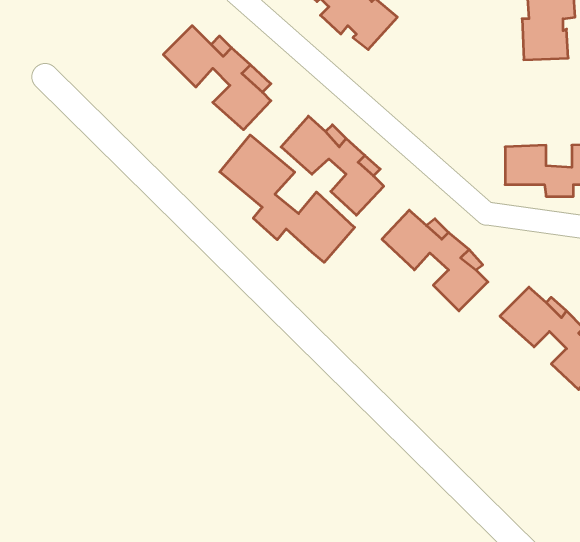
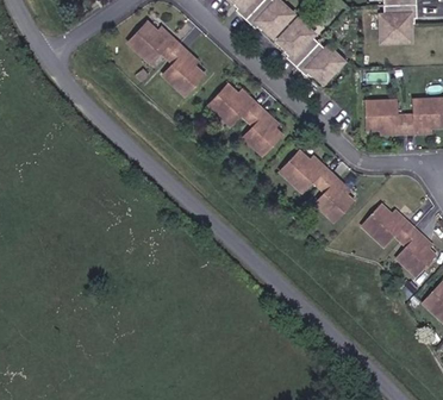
building: none -> [276,23,343,87]
building: [220,135,355,262] -> none

